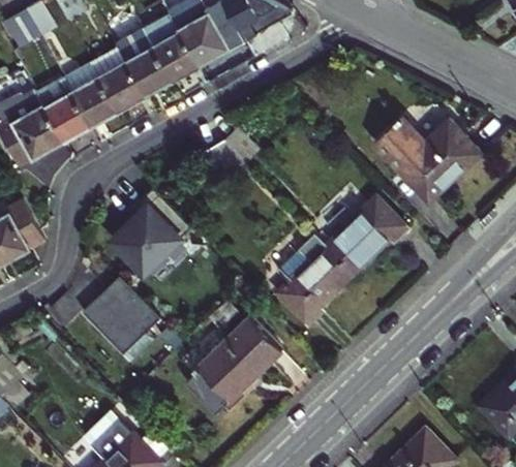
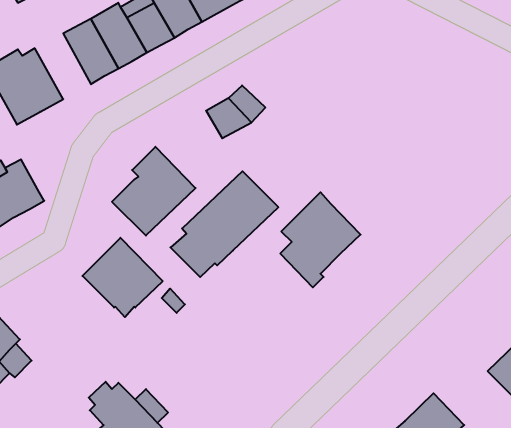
building: [37,75,92,141] -> none
building: [373,116,479,199] -> none
building: [327,194,409,273] -> none
building: [178,314,283,417] -> [170,171,278,277]

